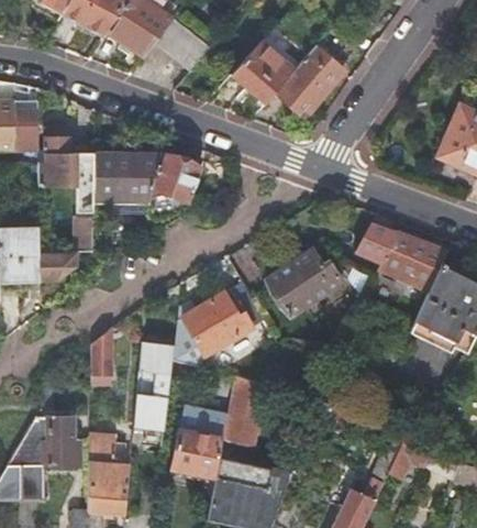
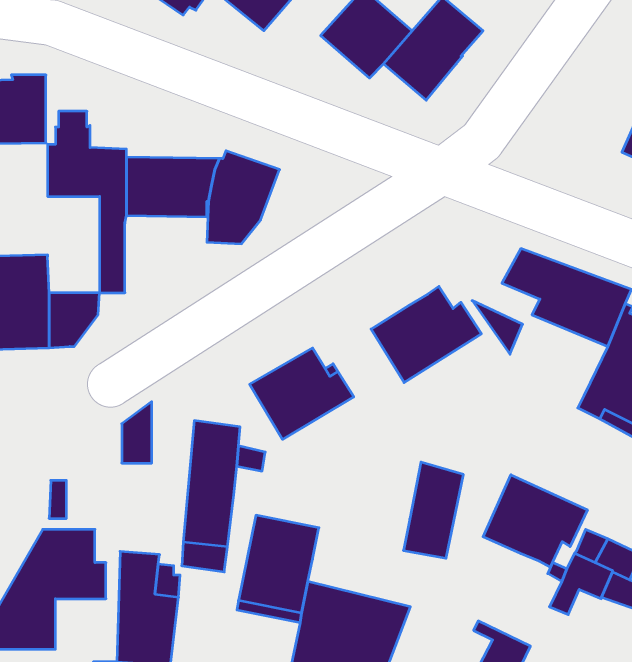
building: [224,377,266,444] -> [403,462,463,558]
building: none -> [483,475,587,567]

